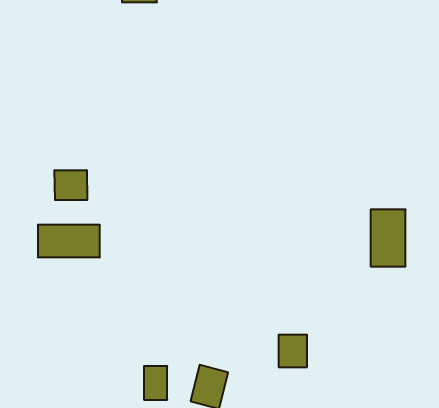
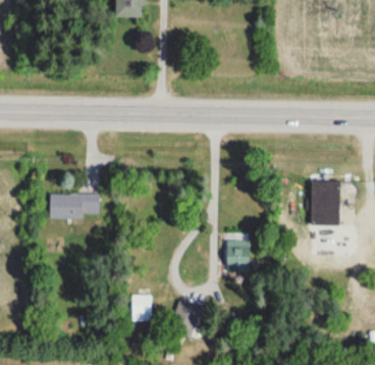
building: [55,170,87,200] -> none
building: [279,335,307,367] -> [227,240,250,265]

